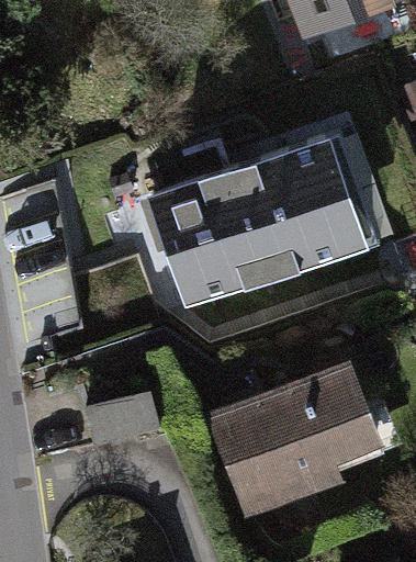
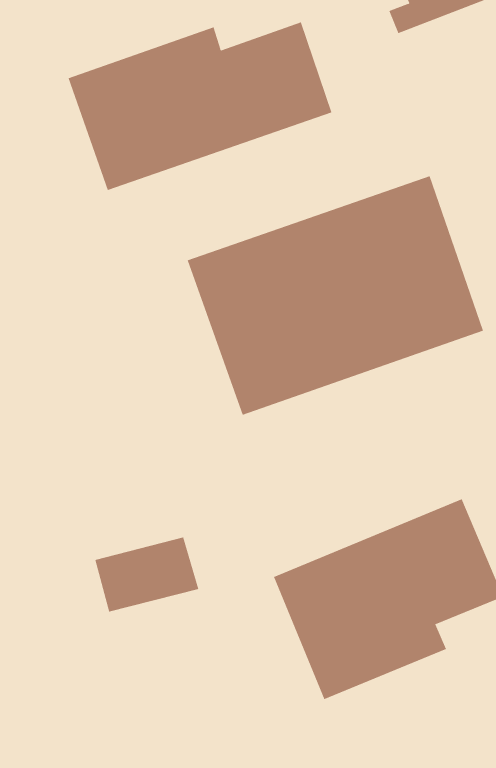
building: none -> [68,22,332,191]

